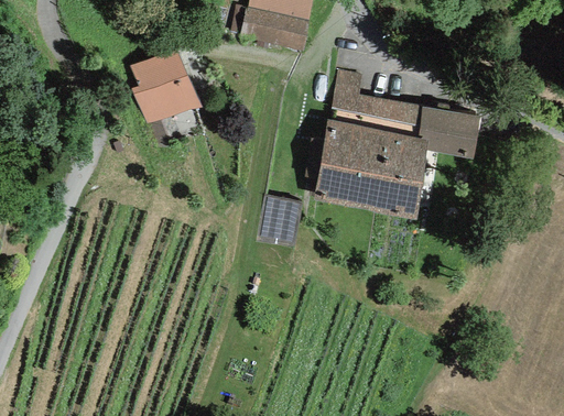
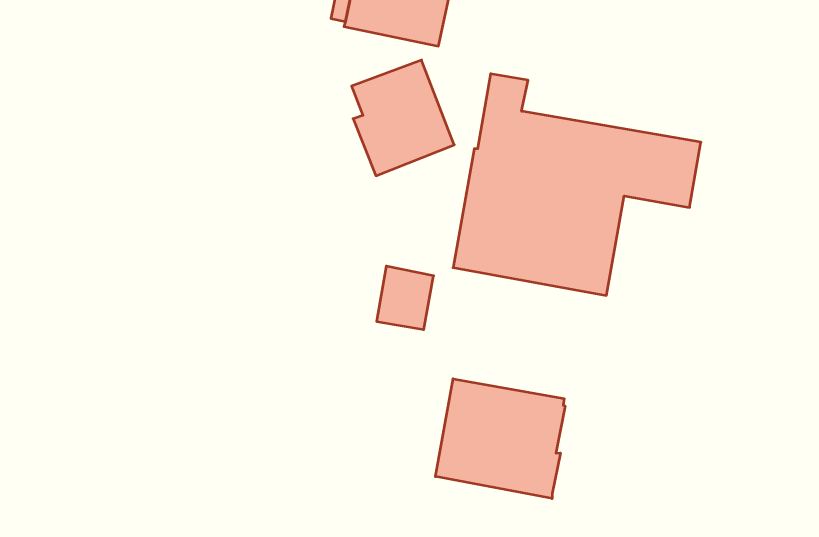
building: [130,47,199,125] -> [352,60,454,176]
building: none -> [435,379,565,499]

